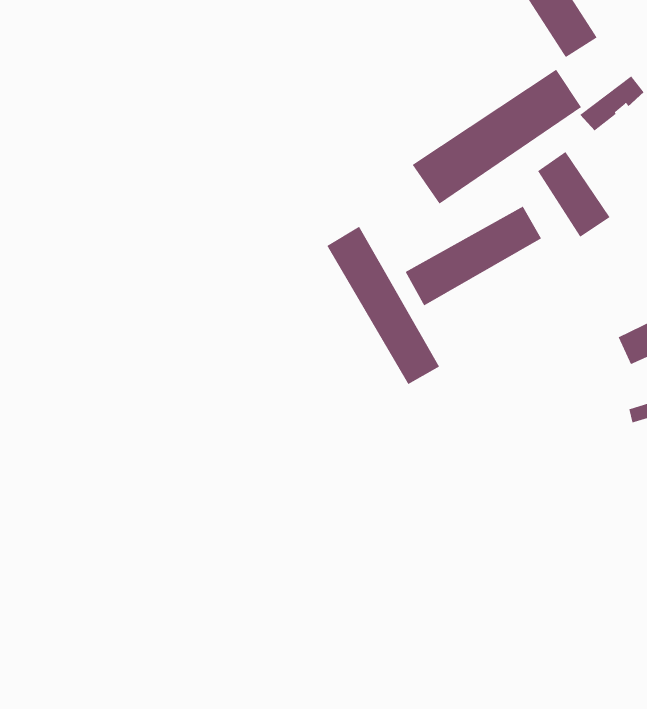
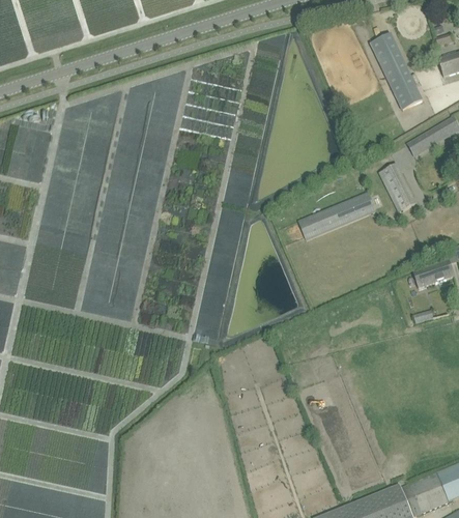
building: [412,69,582,205] -> none
building: [327,226,440,385] -> none

